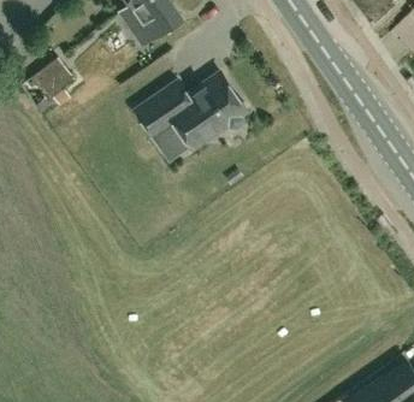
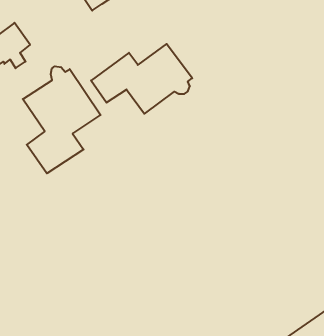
building: none -> [23,66,101,173]

